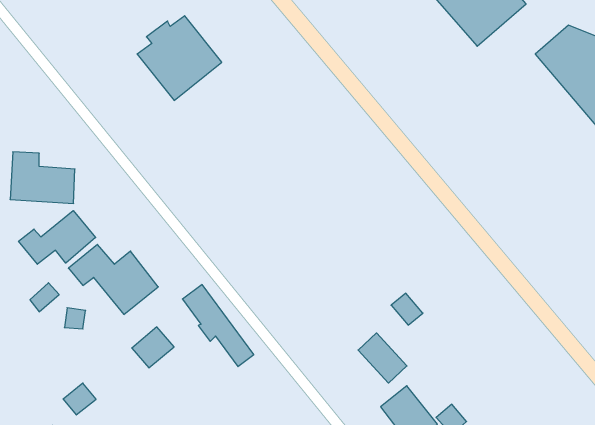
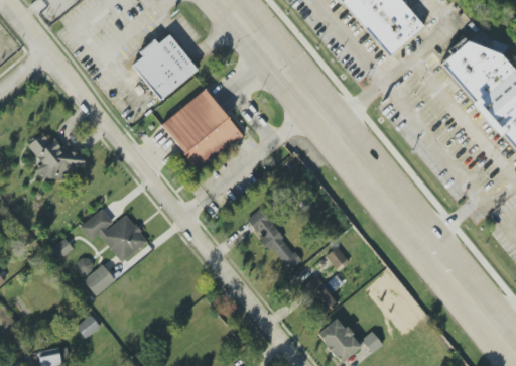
building: none -> [161,89,243,170]
building: [19,211,96,264] -> none
building: [182,285,254,367] -> [247,208,301,270]
building: [132,327,174,368] -> [84,264,116,295]

